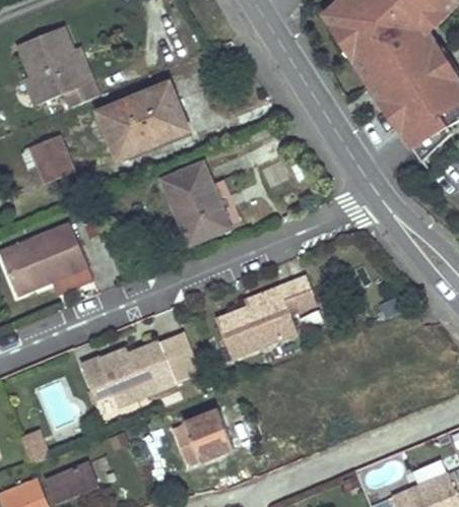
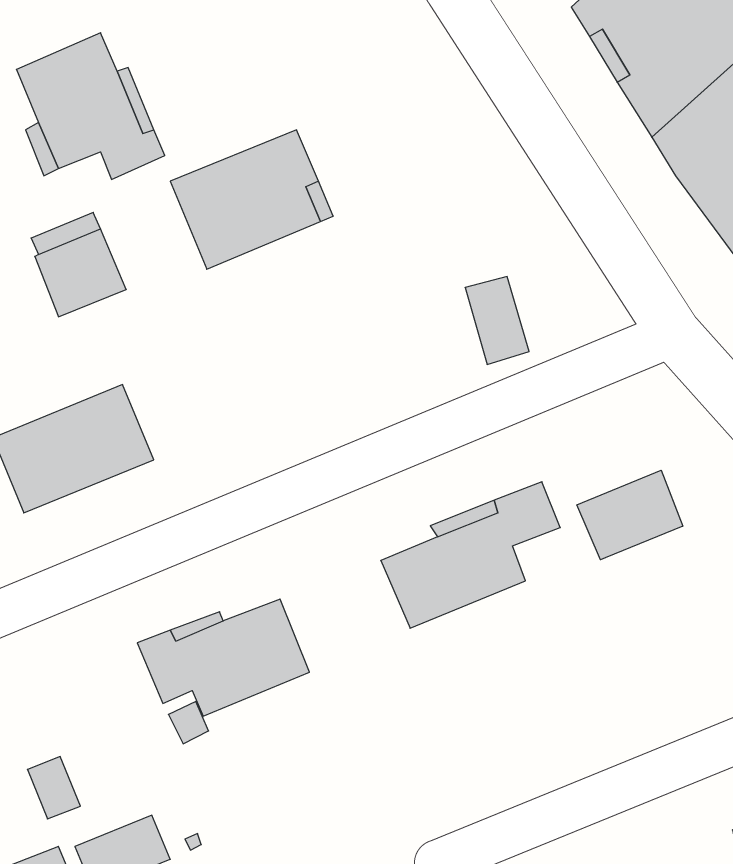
building: [162,163,230,245] -> none
building: none -> [577,470,683,560]
building: [159,331,200,382] -> none
building: [172,407,234,466] -> none

